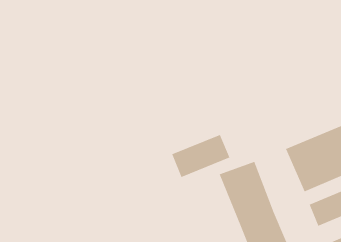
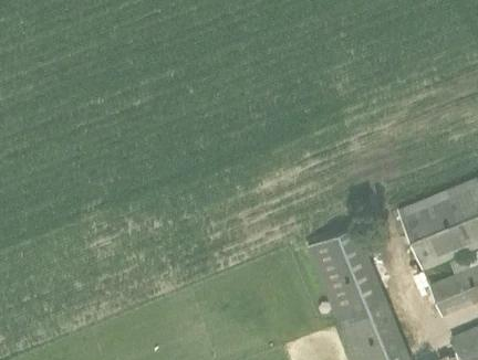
building: [171,134,230,178] -> none

